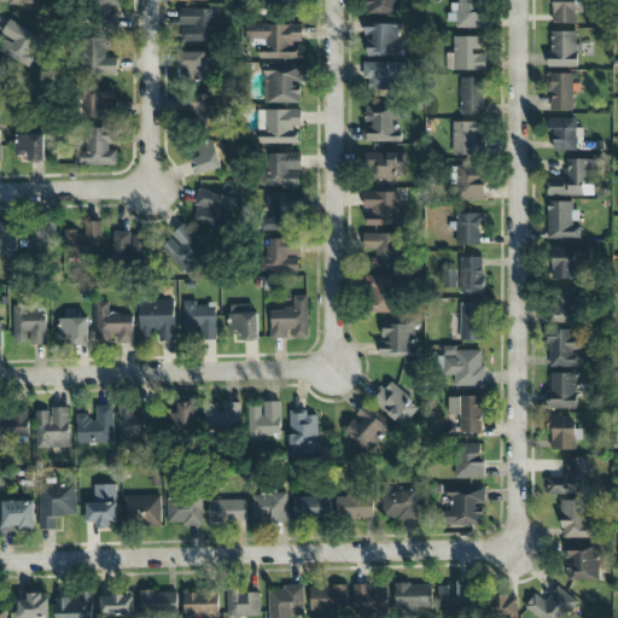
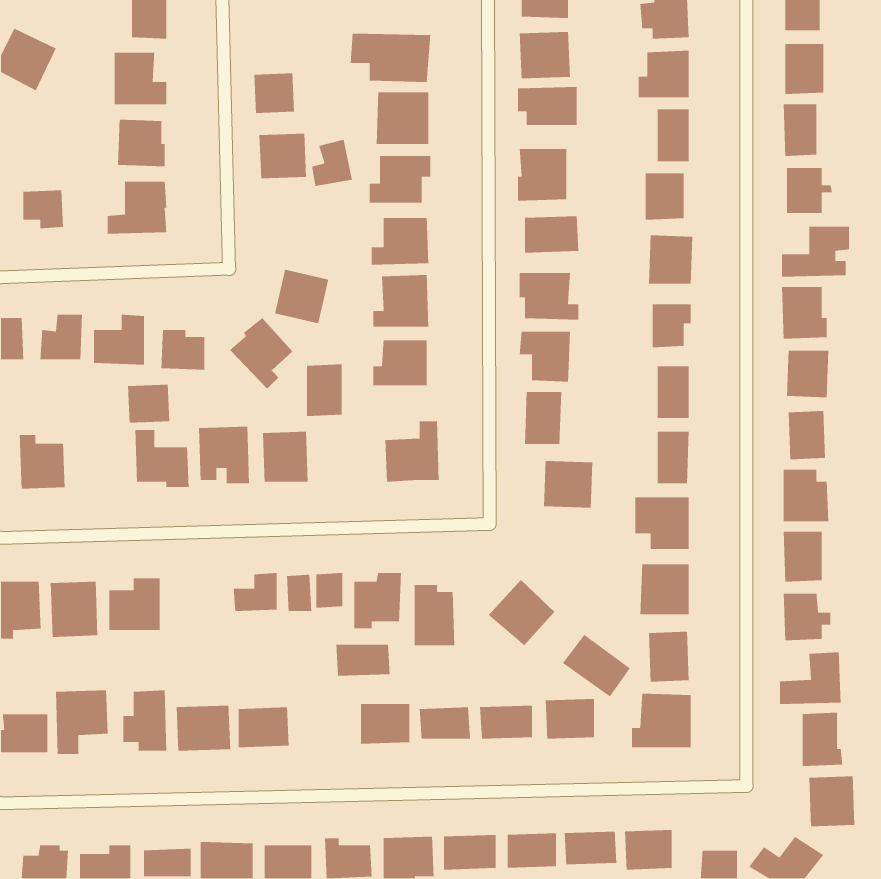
building: [180,7,214,41] -> none
building: [192,139,221,173] -> [311,139,353,187]
building: [231,303,256,340] -> [306,363,342,417]
building: [58,316,88,344] -> [127,384,170,423]
building: [371,380,419,425] -> [562,634,631,698]
building: [118,406,152,449] -> none
building: [208,499,246,521] -> [335,644,391,676]

